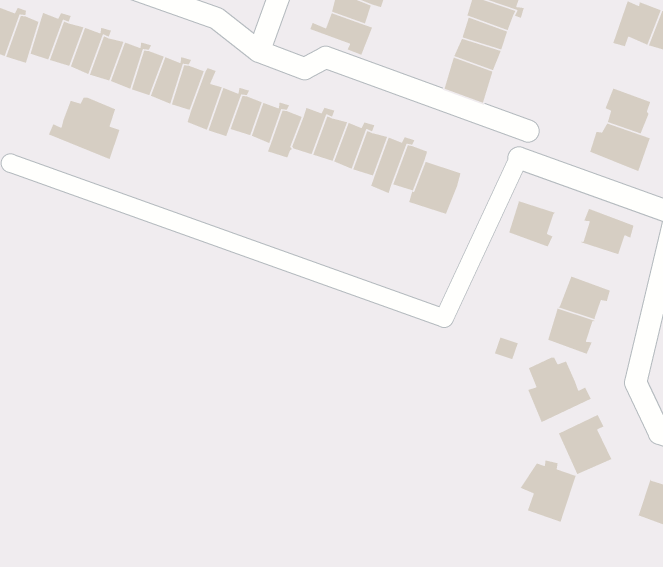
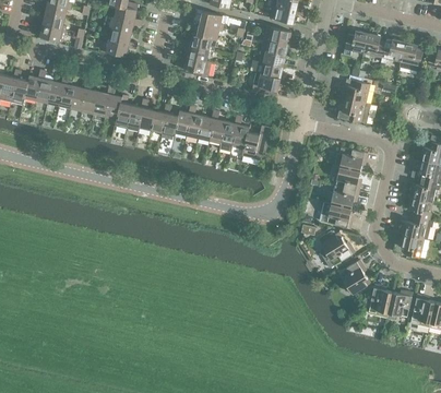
building: [48,97,121,160] -> none
building: [508,200,556,248] -> [335,166,360,190]
building: [520,459,577,523] -> [361,284,392,318]

